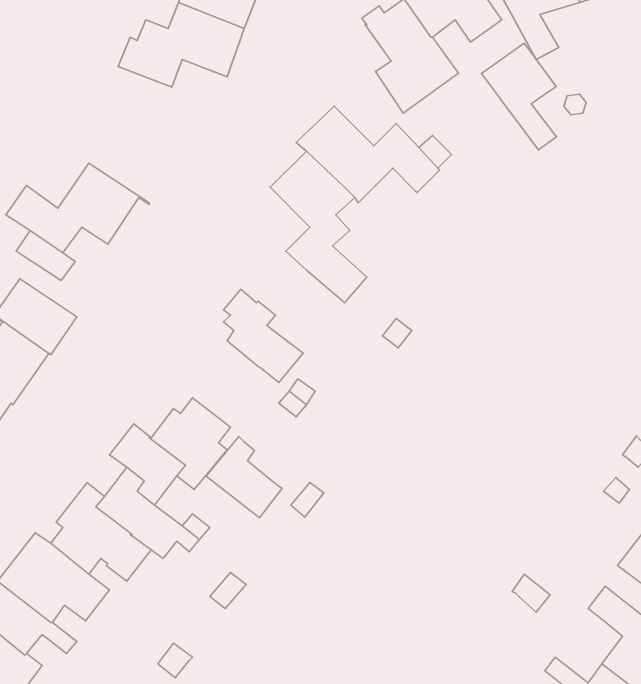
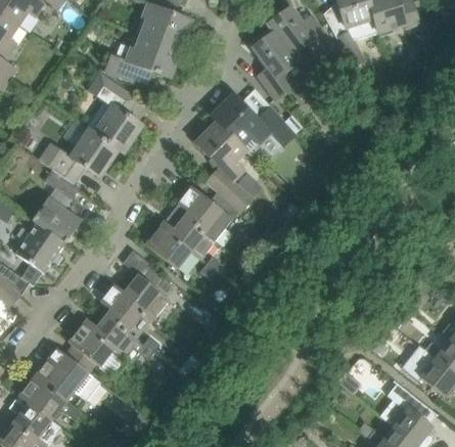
building: [481,43,557,150] -> none
building: none -> [86,73,142,152]
building: none -> [177,185,238,241]
building: [206,437,282,518] -> [145,220,190,268]

